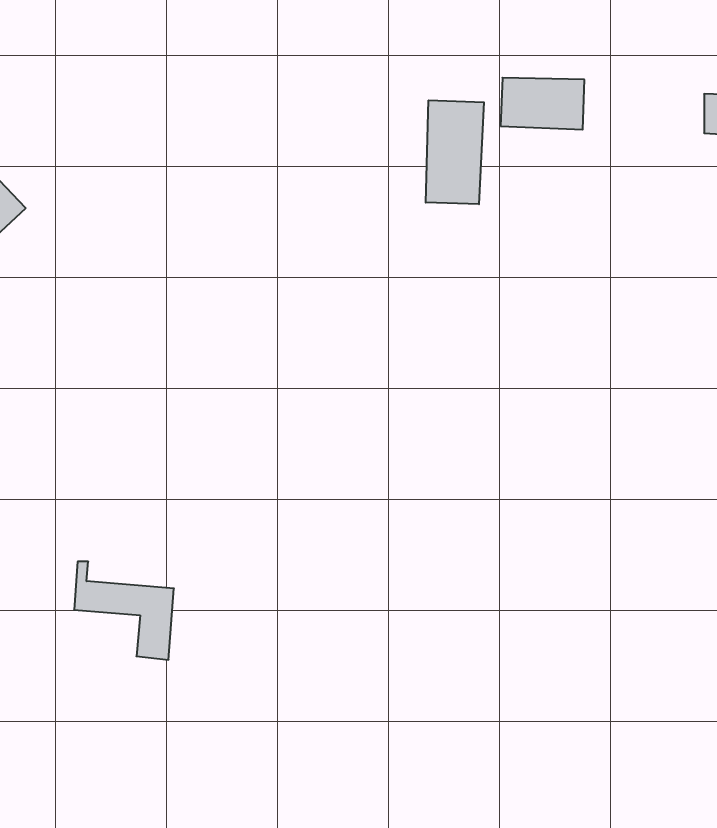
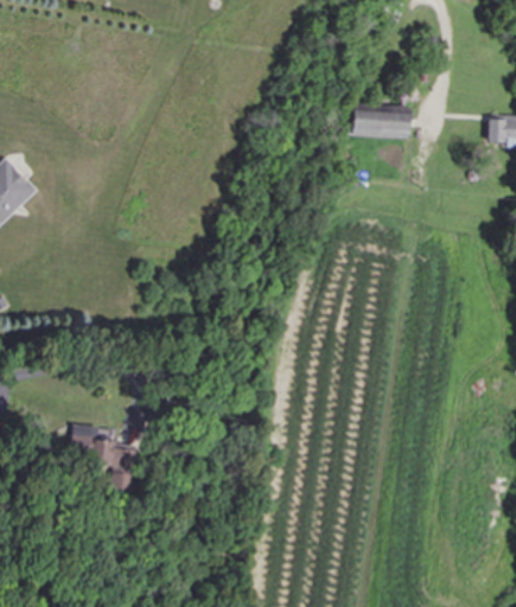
building: [426,100,484,204] -> none

